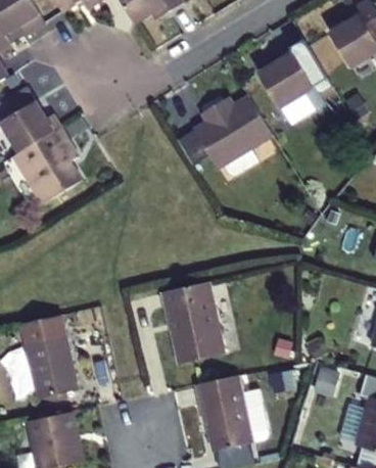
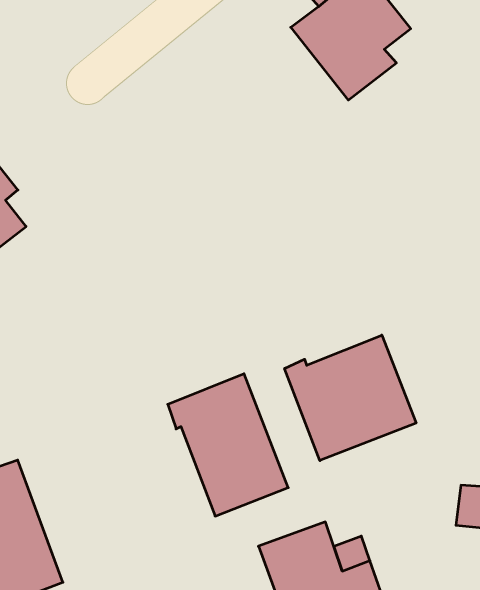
building: [187,94,268,179] -> none
building: none -> [285,335,416,461]

